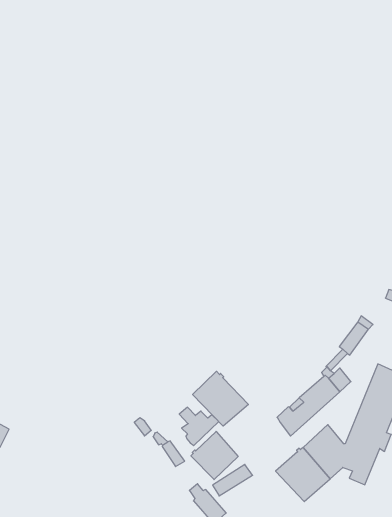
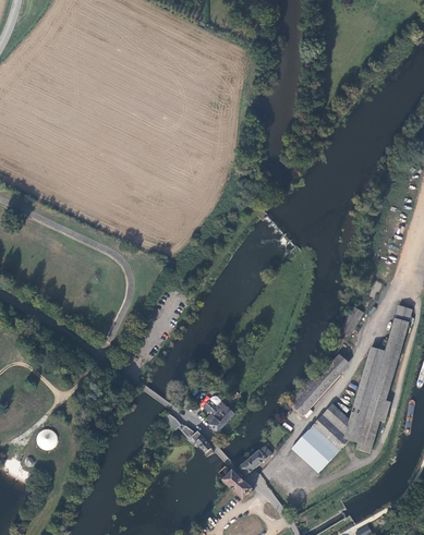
building: [193,371,248,426] -> none
building: [191,431,238,480] -> none

